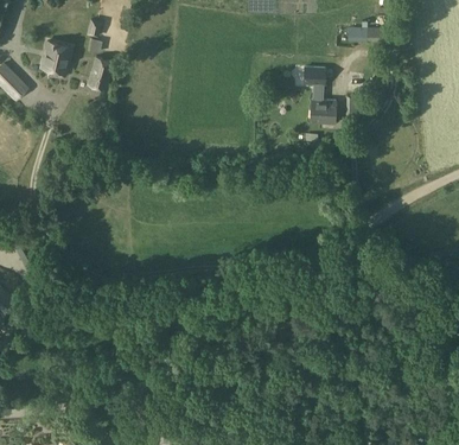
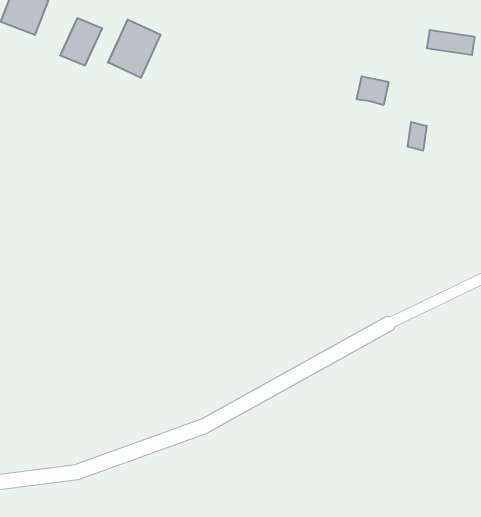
building: none -> [108,19,161,78]
building: [310,84,336,123] -> none

